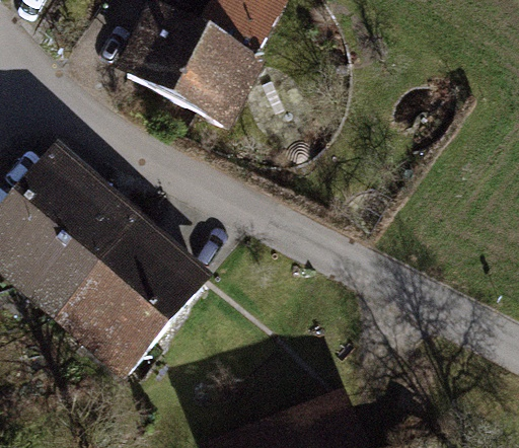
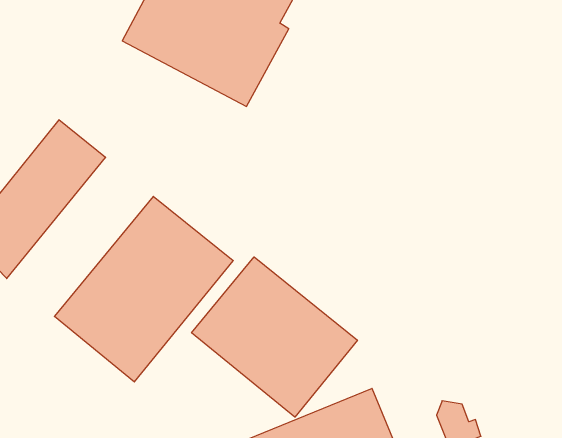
building: [7,178,141,323] -> none
building: none -> [192,257,357,417]

